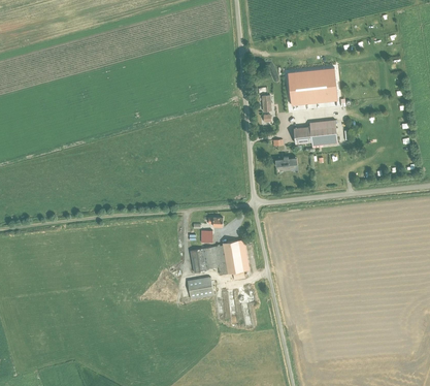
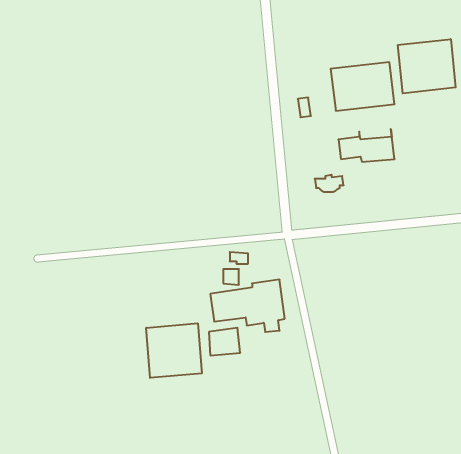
building: none -> [398,39,456,93]
building: none -> [146,323,202,378]

